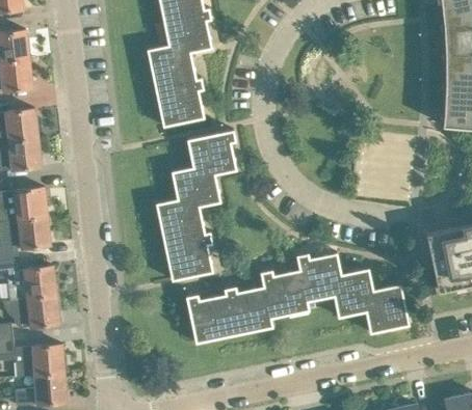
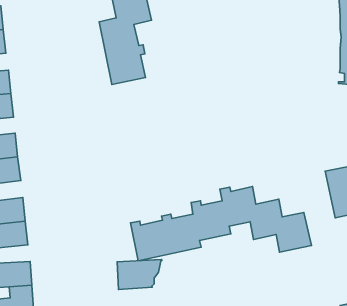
building: [156,130,237,280] -> none
building: none -> [117,260,162,289]

